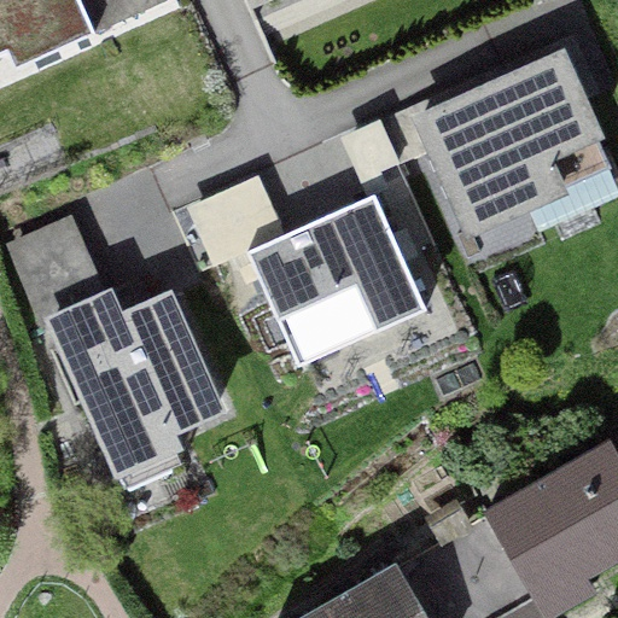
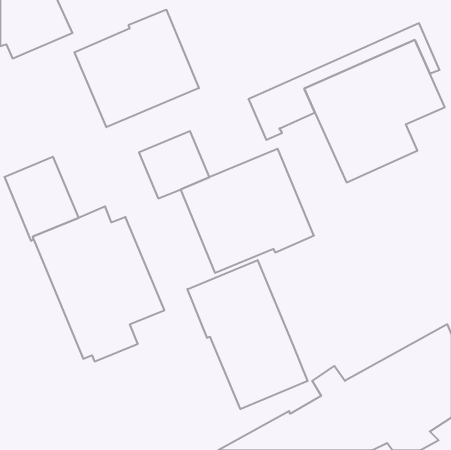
building: none -> [75,10,199,127]
building: none -> [187,260,308,409]

